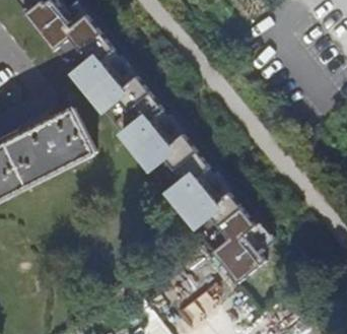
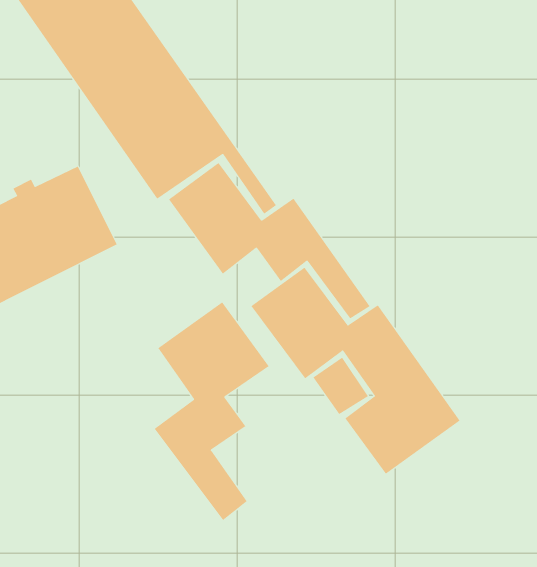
building: none -> [154,302,269,521]

